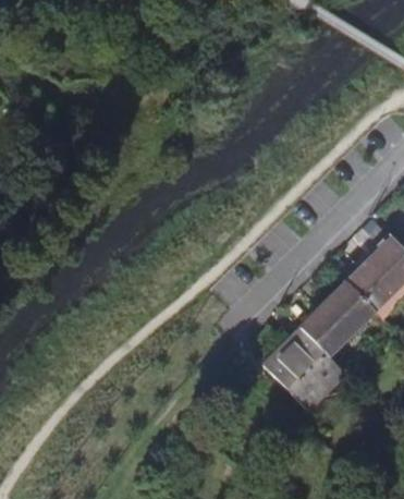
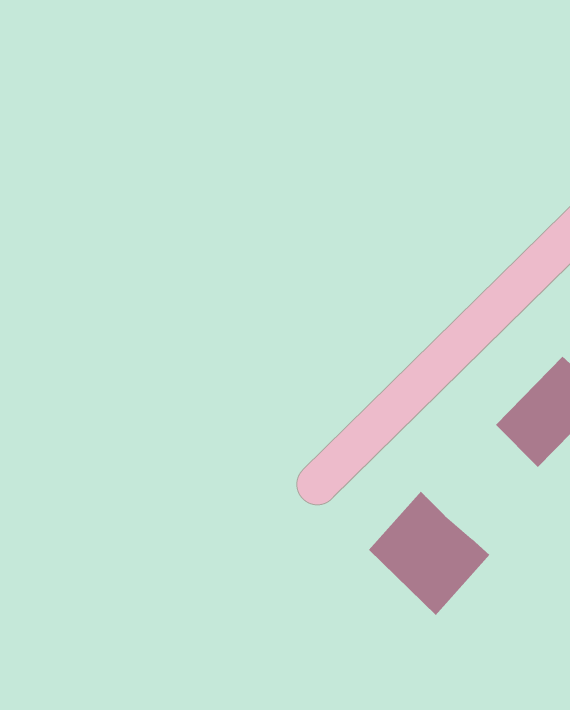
building: [302,283,376,358] -> none

